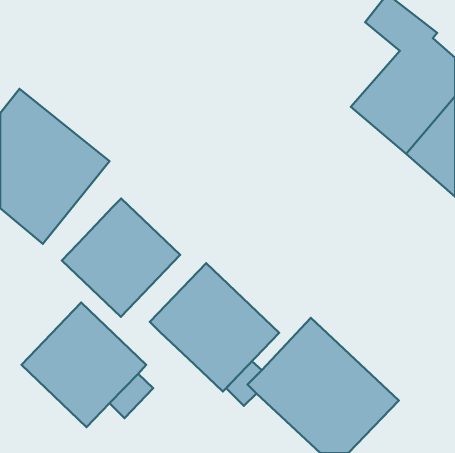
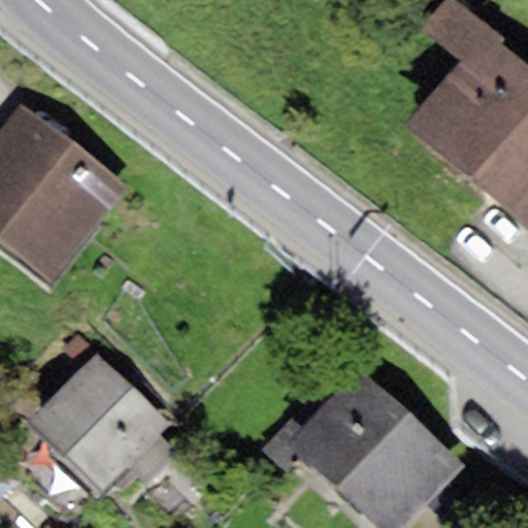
building: [62,198,180,317] -> none
building: [150,263,279,392] -> none

